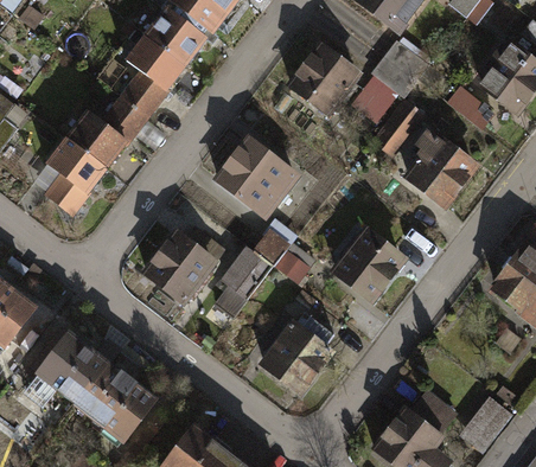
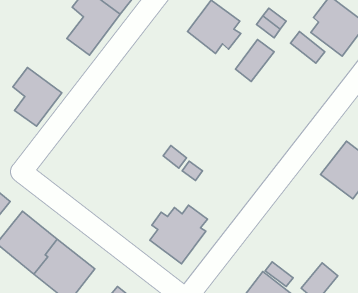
building: [75,90,159,164] -> none
building: [391,122,466,211] -> none
building: [223,129,295,201] -> none
building: [317,223,391,299] -> none
building: [147,228,219,300] -> none
building: [234,249,280,298] -> none

